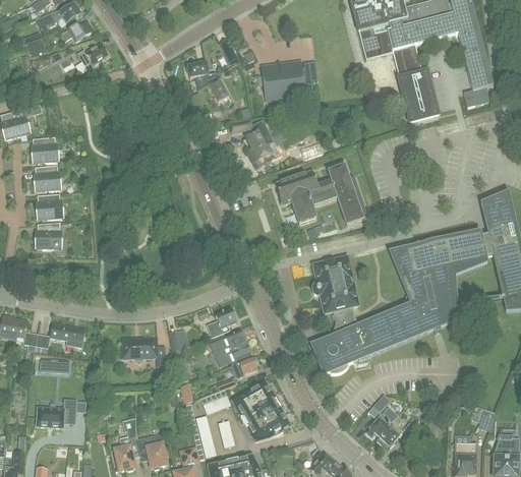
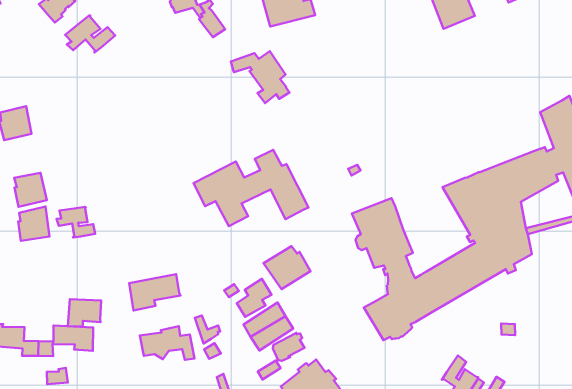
building: none -> [65,15,115,53]
building: [34,165,59,190] -> none
building: [275,165,367,224] -> [193,150,308,226]
building: none -> [57,207,95,238]
building: none -> [264,246,311,289]
building: none -> [129,274,181,310]
building: none -> [68,299,101,327]

